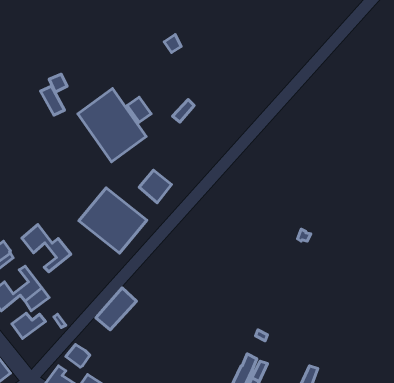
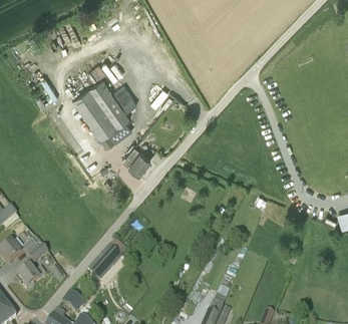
building: [79,188,147,253] -> none
building: [22,225,71,272] -> none

